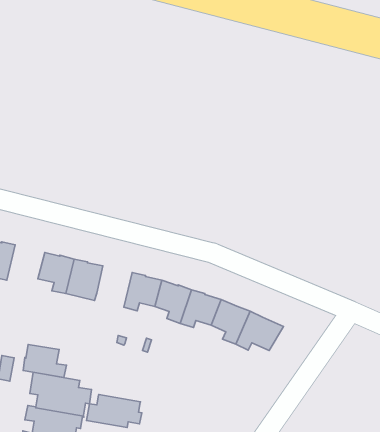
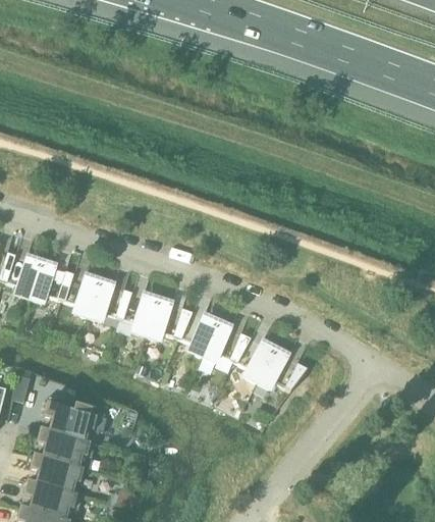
building: none -> [28,263,68,303]
building: none -> [118,292,156,335]
building: [23,345,66,377] -> none
building: [86,395,142,427] -> none

